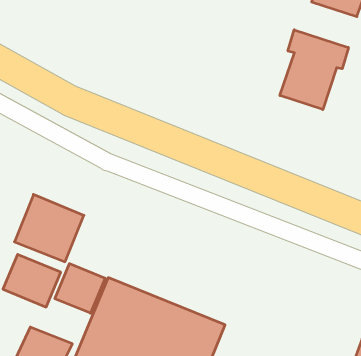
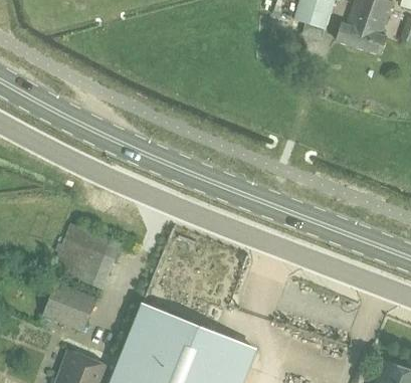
building: [280,30,348,110] -> none
building: [55,264,105,313] -> none

